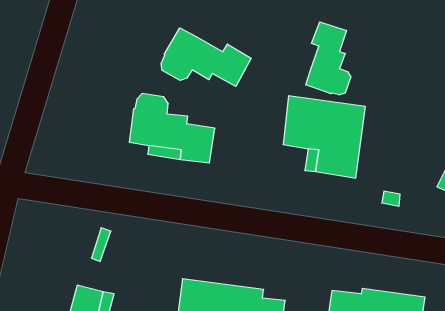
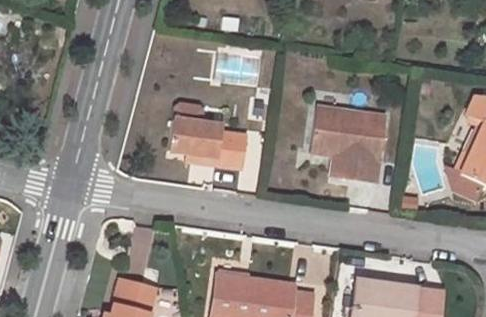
building: [306,22,351,95] -> none
building: [161,28,251,86] -> none

